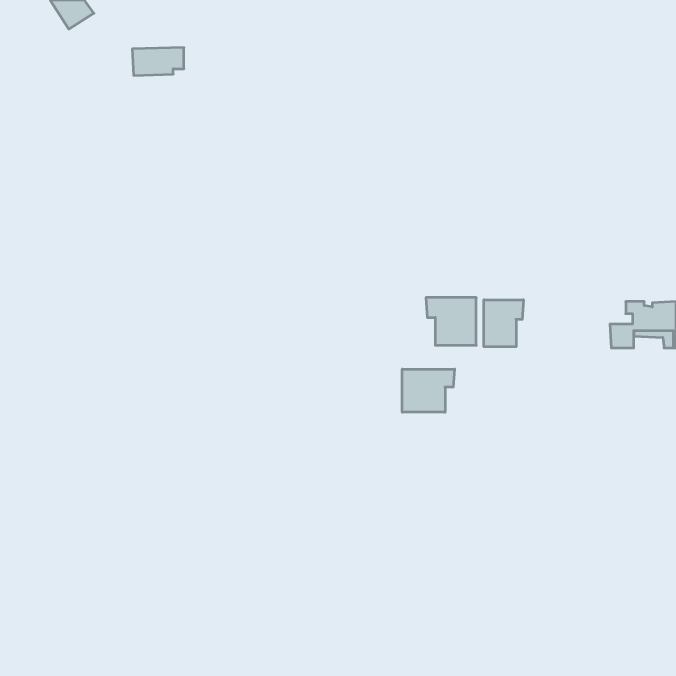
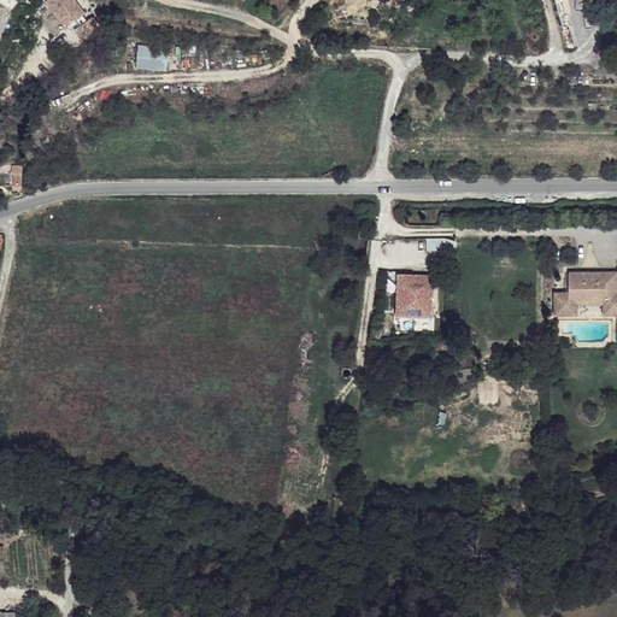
building: [484,300,523,347] -> none
building: [402,369,455,412] -> none

